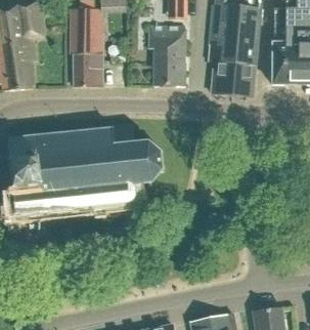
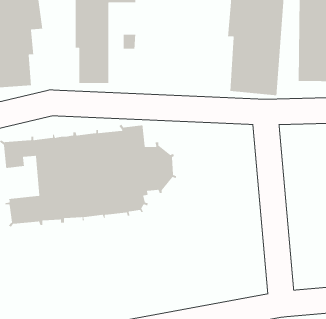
building: [148,26,184,86] -> none
building: [8,151,38,189] -> none

